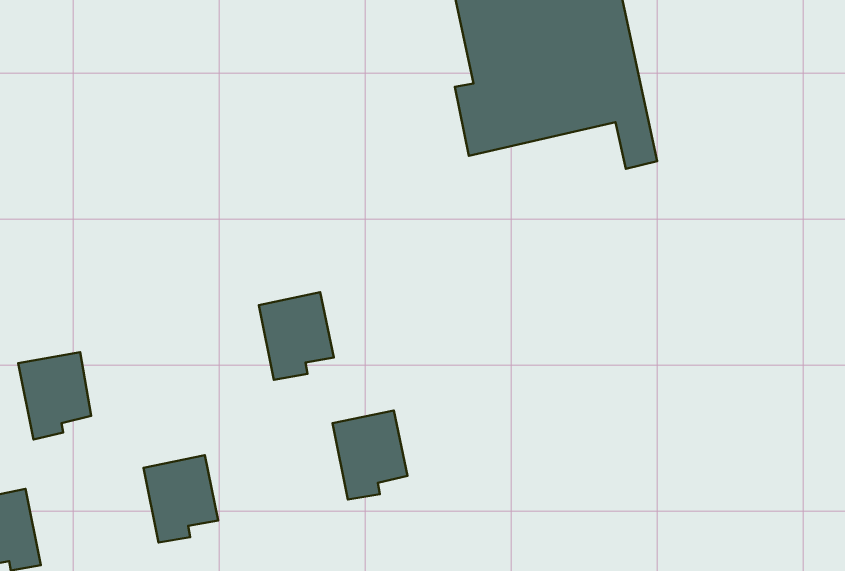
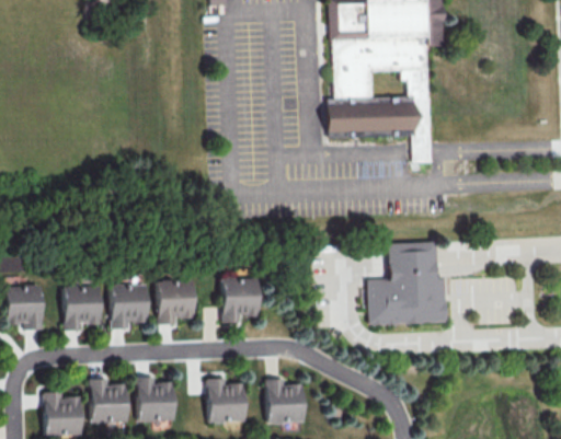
building: [259,292,334,380] -> [157,279,194,324]
building: none -> [366,243,446,327]
building: [18,352,91,440] -> [64,286,100,331]

